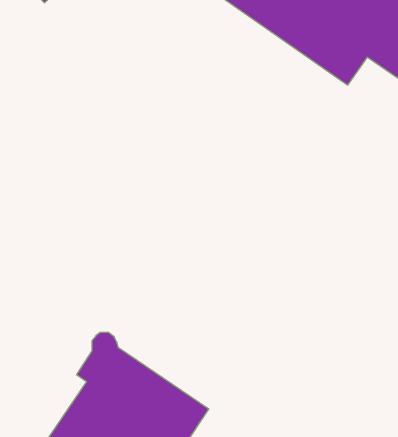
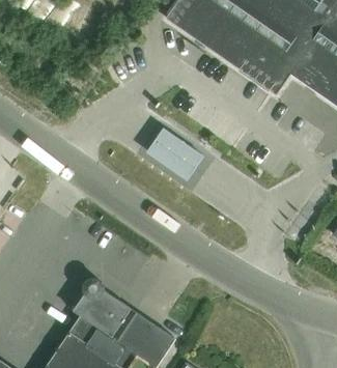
building: none -> [149,128,200,175]

